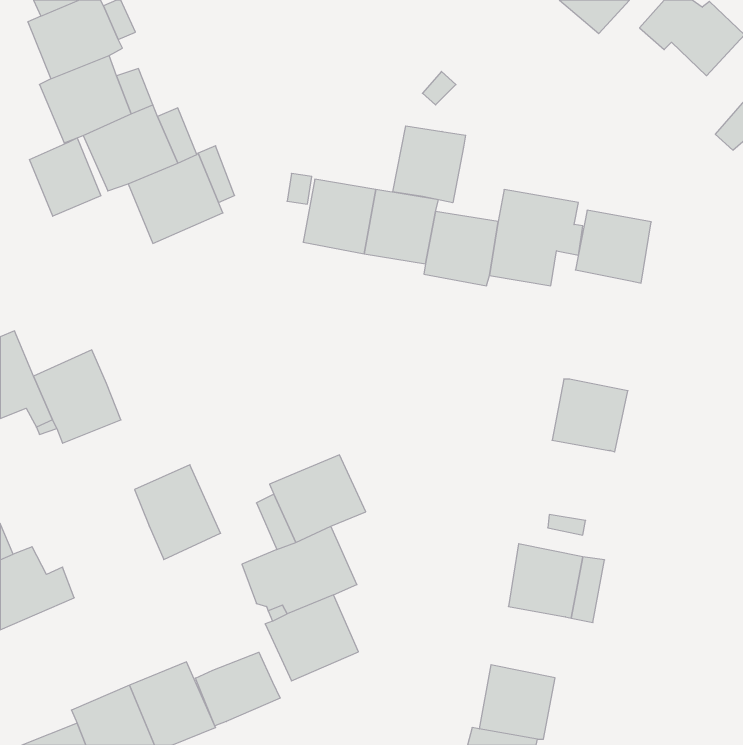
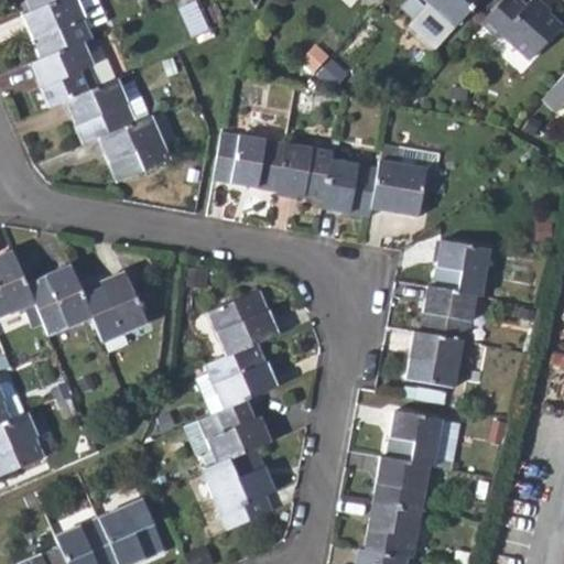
building: [393,126,466,203] -> none
building: [29,138,101,216] -> none
building: [575,210,651,283] -> [432,241,489,296]
building: none -> [208,291,279,357]
building: none -> [405,332,462,389]
building: [135,465,221,560] -> [82,271,147,343]
building: none -> [372,457,429,512]
building: [195,652,280,726] -> none

